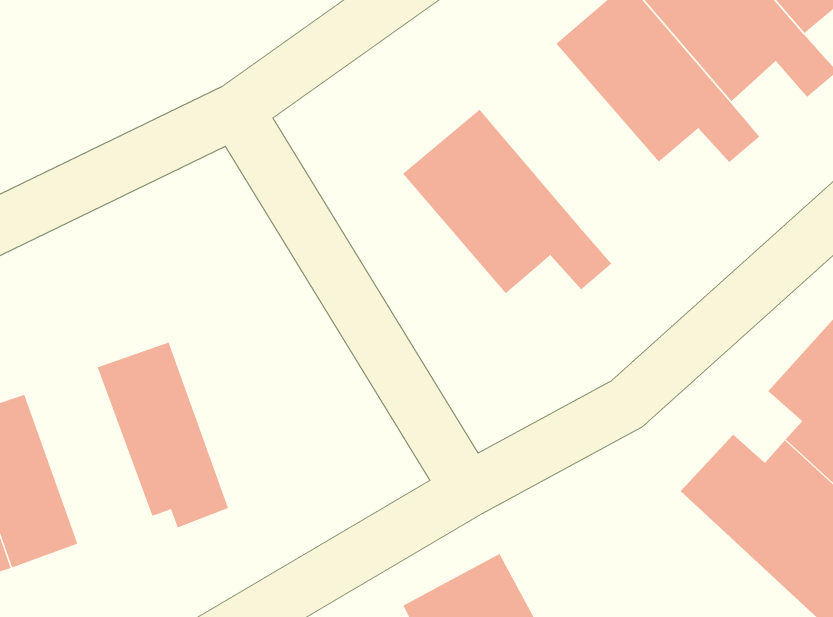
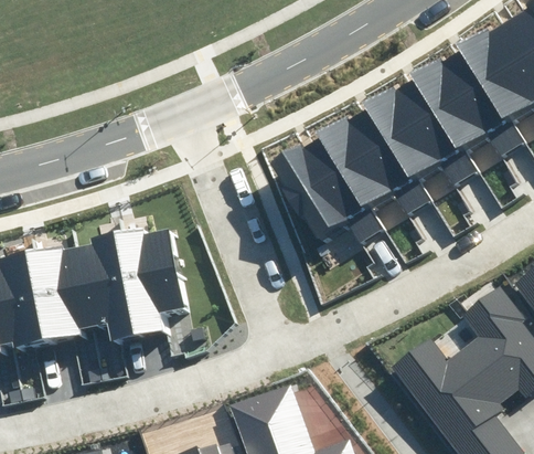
building: none -> [320,103,429,214]
building: none -> [124,229,183,336]
building: none -> [38,244,98,342]

